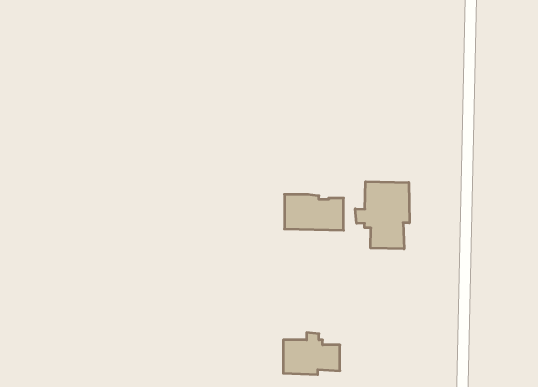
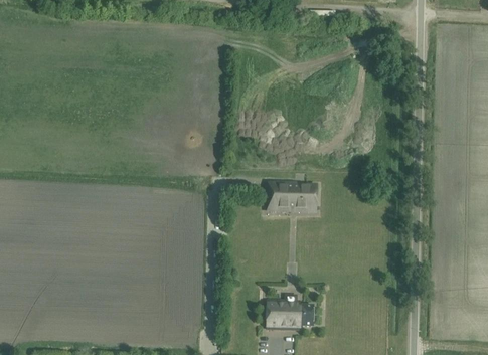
building: [355,182,409,249] -> none

